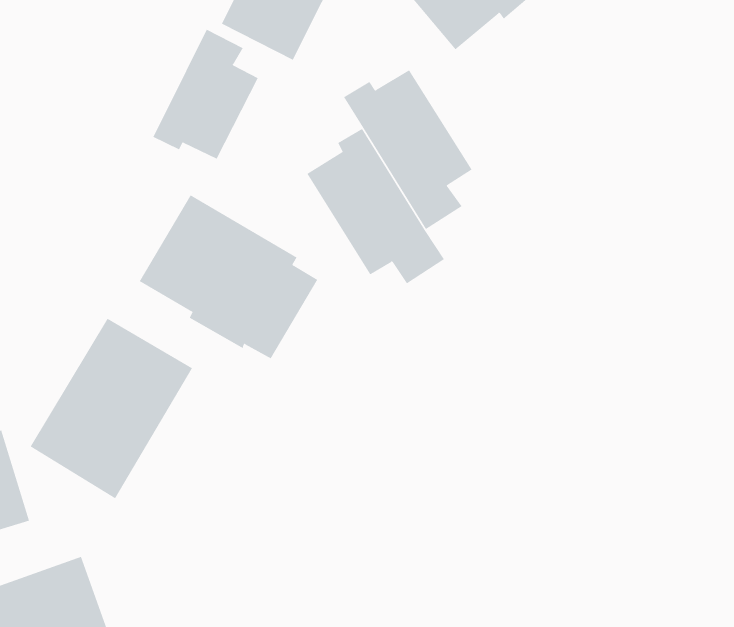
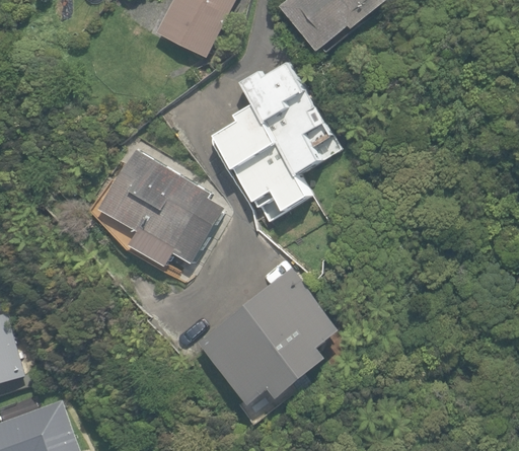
building: [153,29,258,160] -> none
building: [30,318,193,499] -> none
building: none -> [197,268,341,406]

